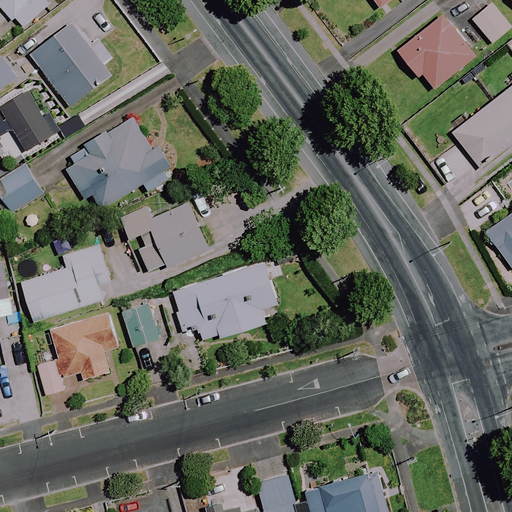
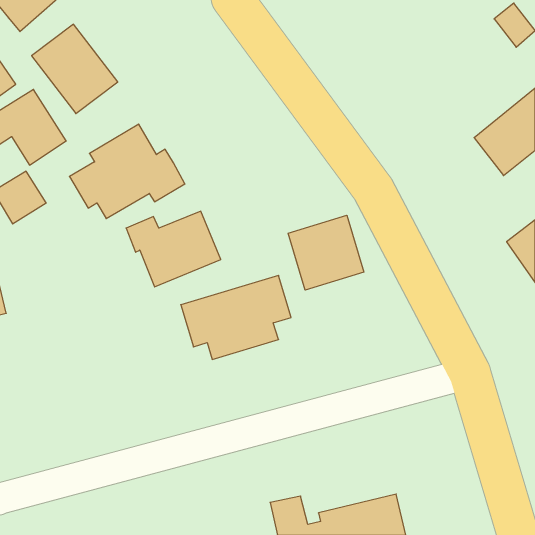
building: [397,14,475,88] -> none
building: none -> [288,215,364,290]
building: [22,245,109,320] -> none
building: [122,304,158,347] -> none
building: [37,312,118,395] -> none

